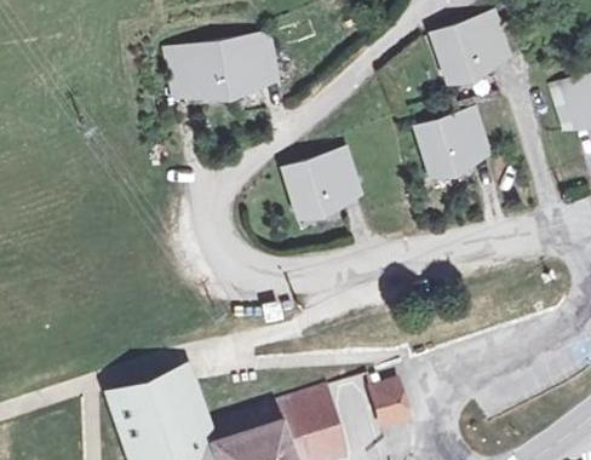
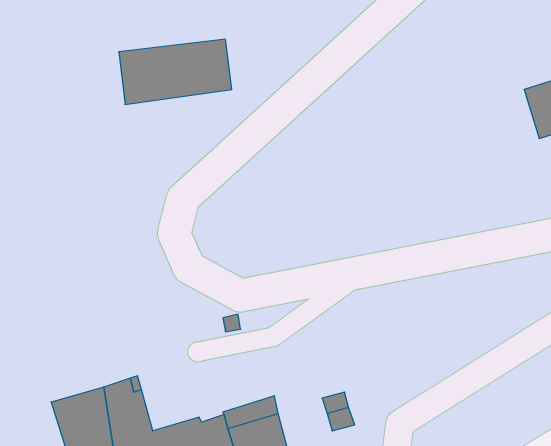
building: [429,19,509,85] -> none
building: [417,117,490,179] -> none
building: [282,156,360,217] -> none

